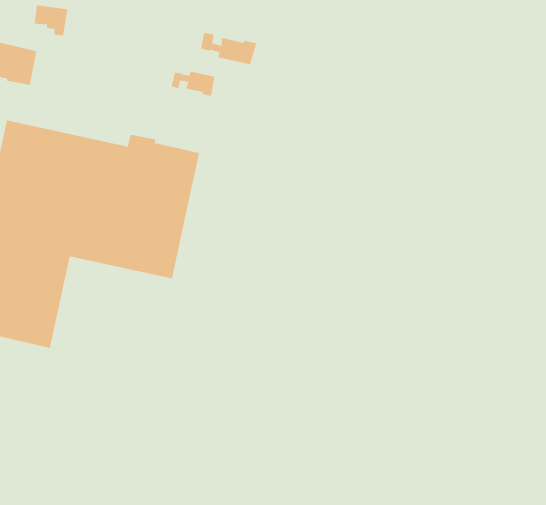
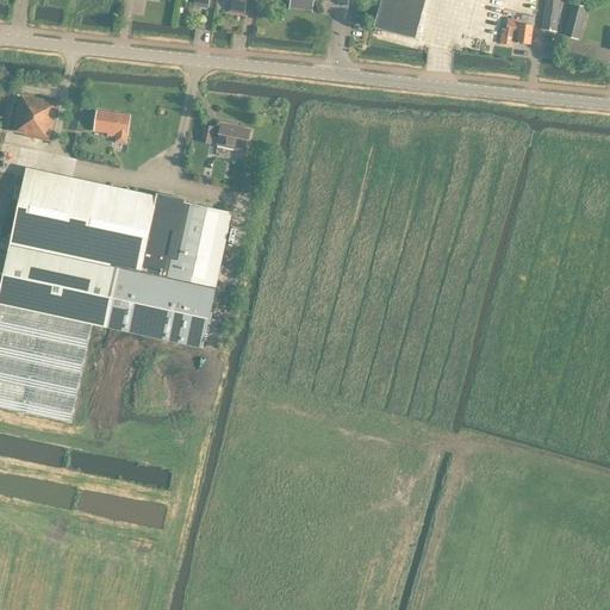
building: [34,5,68,36] -> [93,108,130,142]
building: [200,32,257,65] -> none

